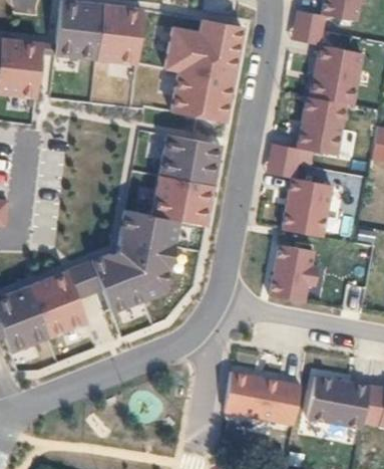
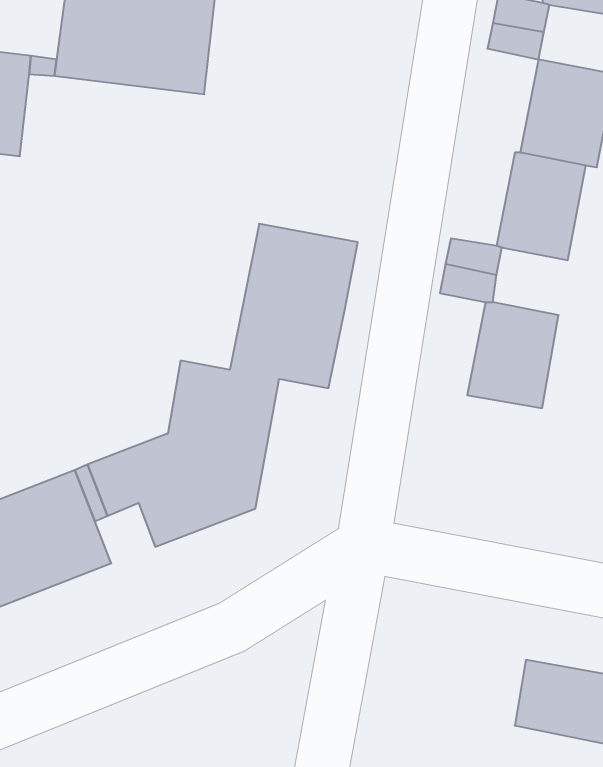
building: [165,20,244,122] -> none
building: [270,245,319,303] -> none
building: [224,372,301,425] -> none

